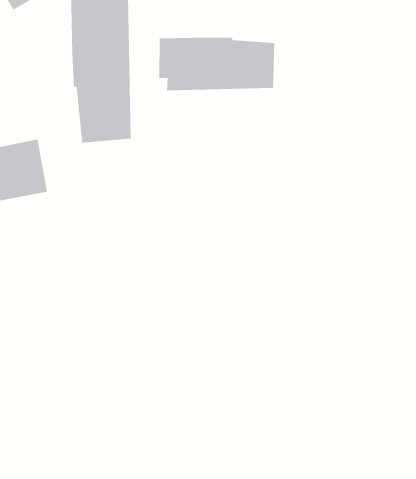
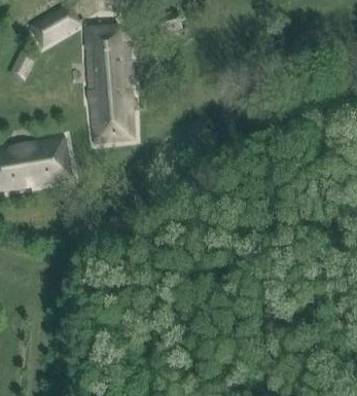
building: [159,37,275,91] -> none

